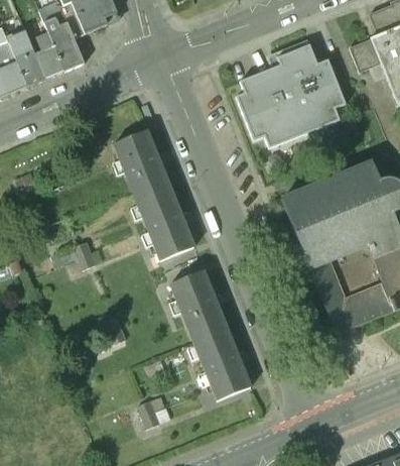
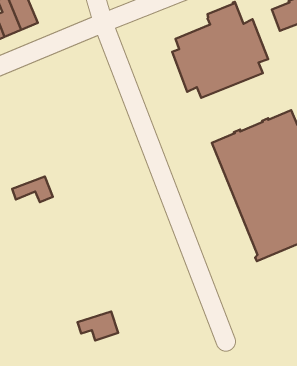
building: [113,129,193,259] -> none
building: [169,268,250,398] -> none

